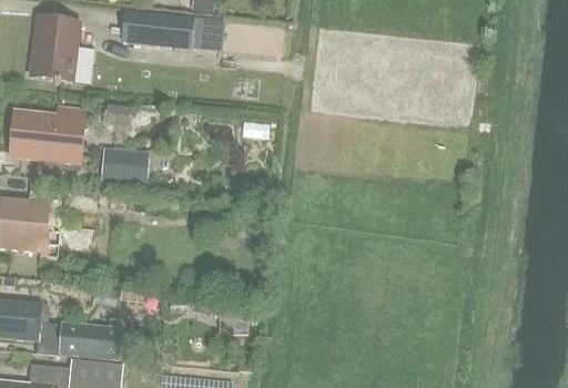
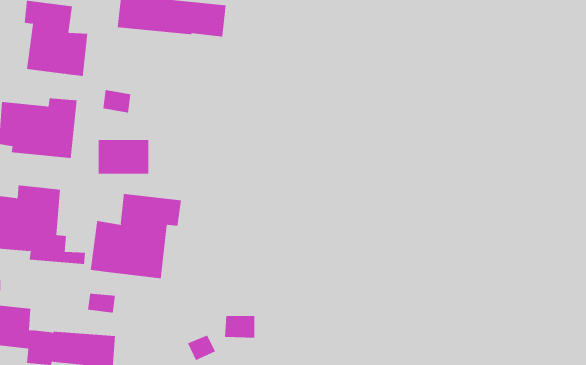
building: none -> [90,193,181,279]

